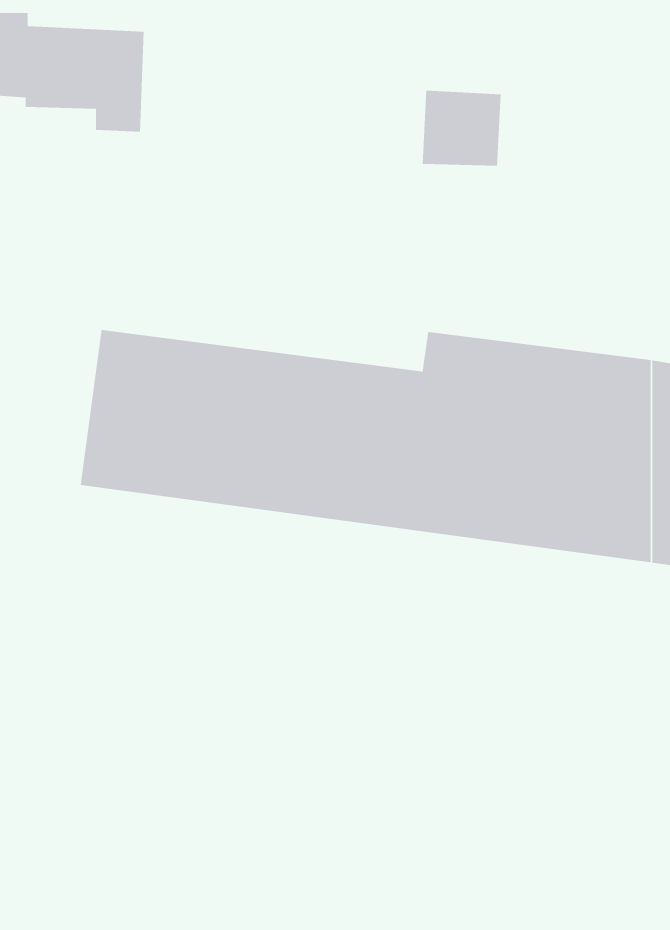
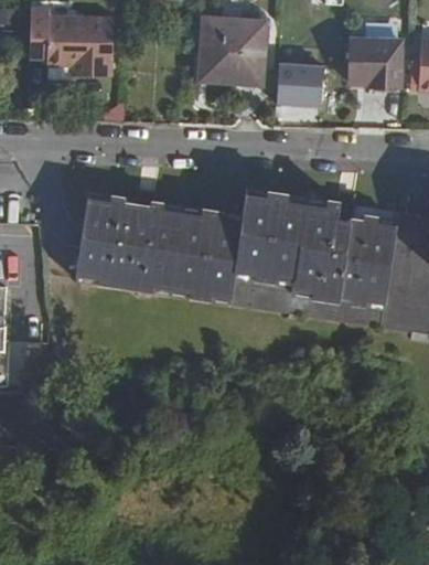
building: none -> [201,20,262,83]
building: none -> [353,35,404,84]

